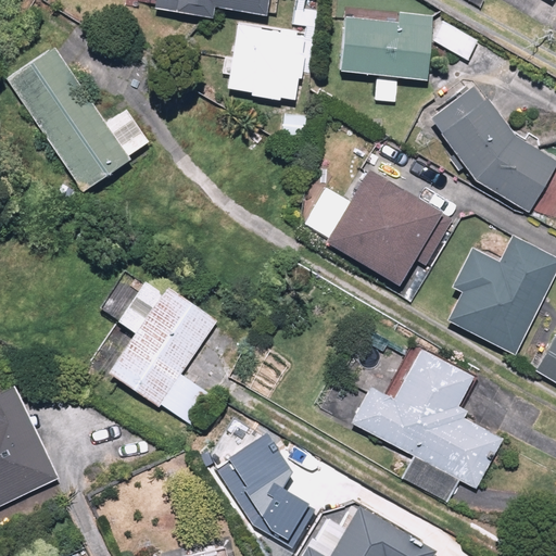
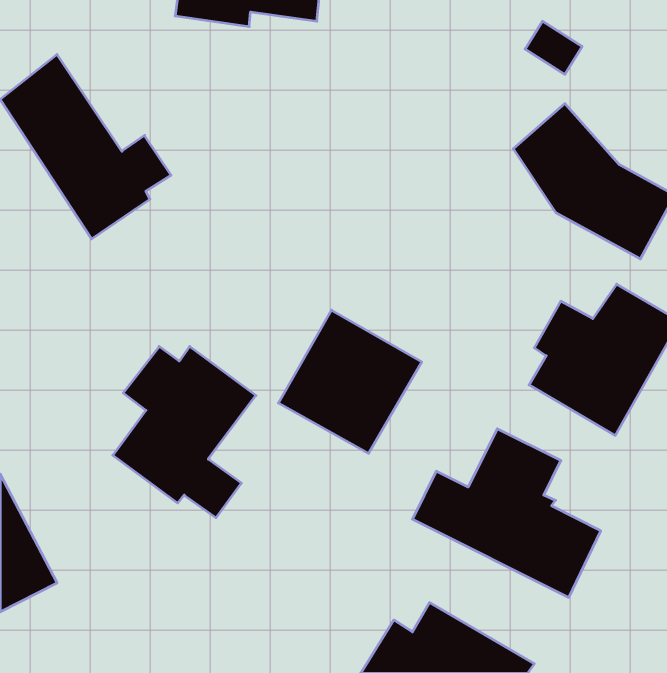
building: [338,9,437,101] -> none
building: [235,26,308,99] -> none
building: [320,166,438,283] -> [278,310,422,453]
building: [223,429,324,544] -> none

